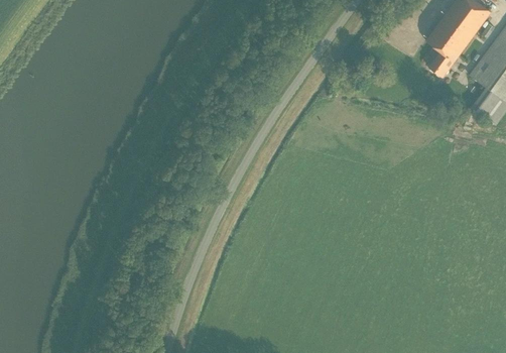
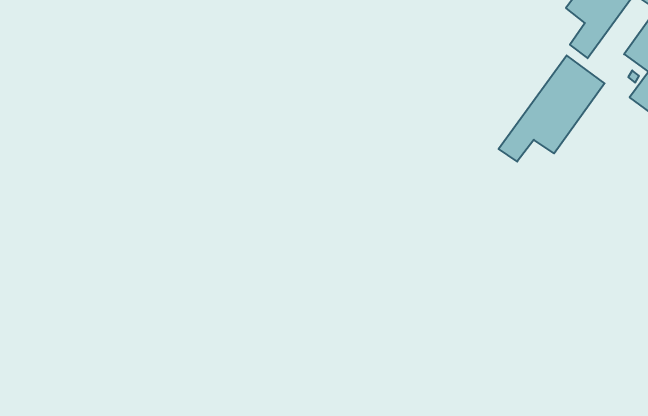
building: none -> [499,55,605,162]

